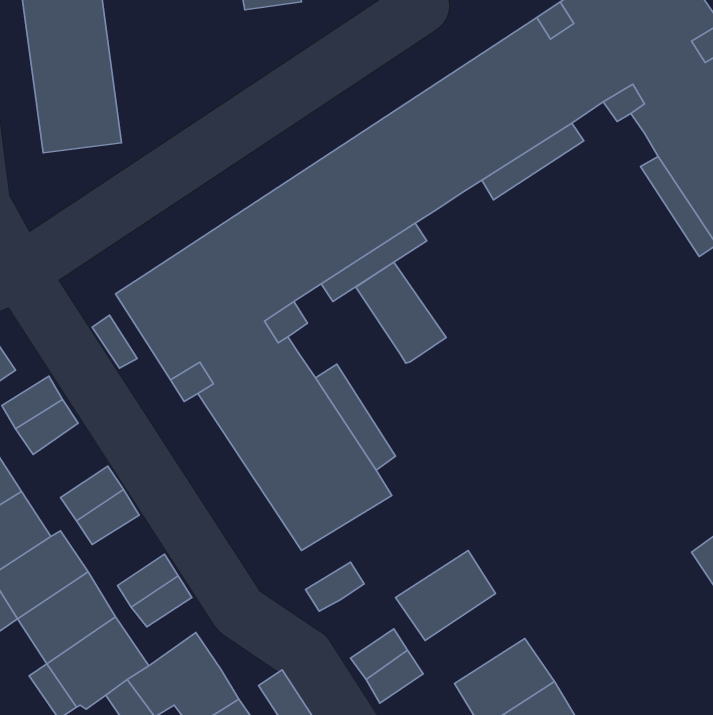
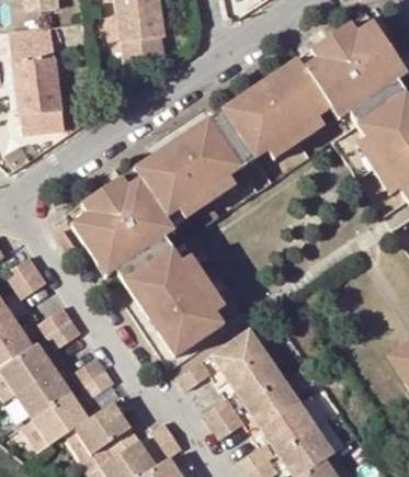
building: [356,262,446,363] -> none
building: none -> [207,329,264,381]
building: none -> [240,378,296,429]

